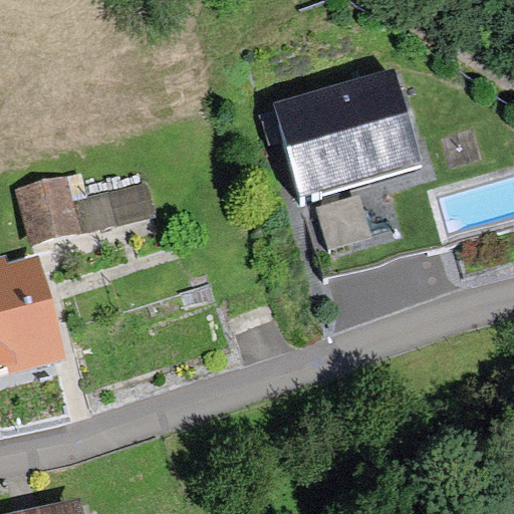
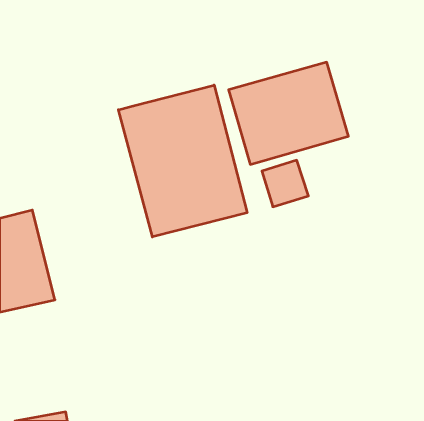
building: none -> [118,85,247,237]
building: [17,173,153,246] -> none

